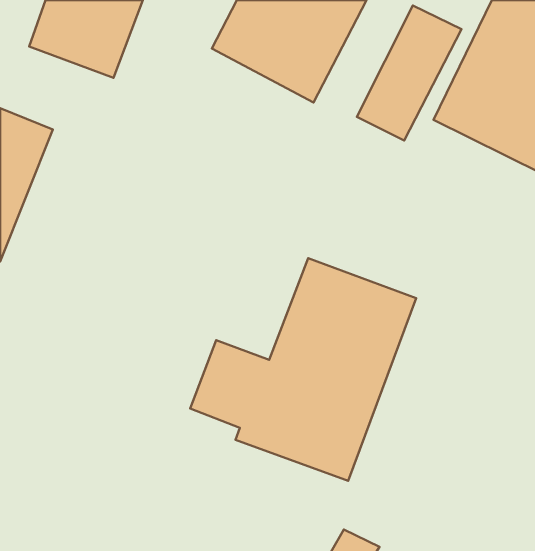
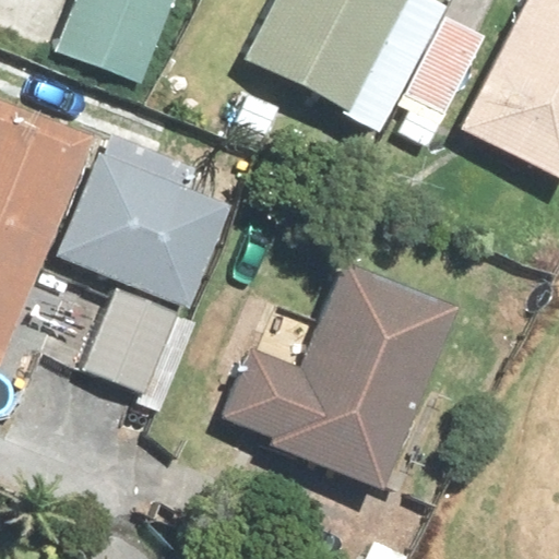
building: none -> [46,142,215,394]

